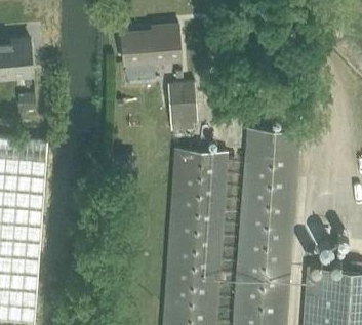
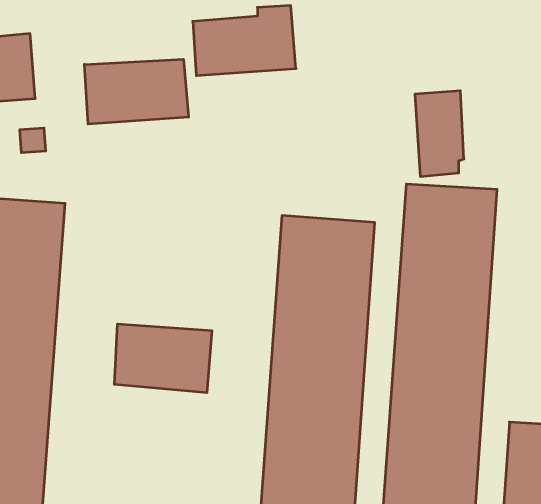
building: none -> [84,59,189,124]
building: [168,84,197,134] -> [415,91,464,176]
building: none -> [114,324,212,393]

